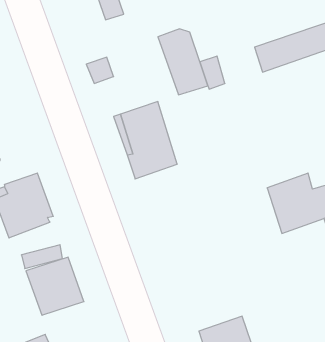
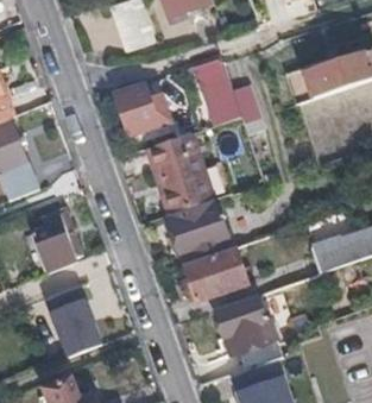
building: none -> [124,86,170,136]
building: none -> [166,197,234,259]
building: none -> [183,247,248,302]
building: none -> [217,301,272,354]

